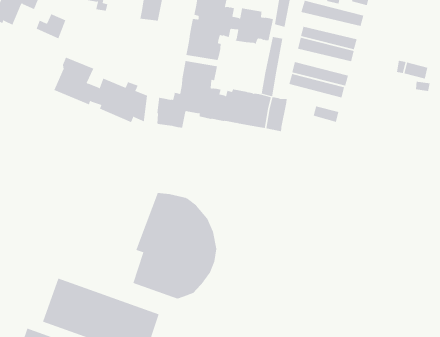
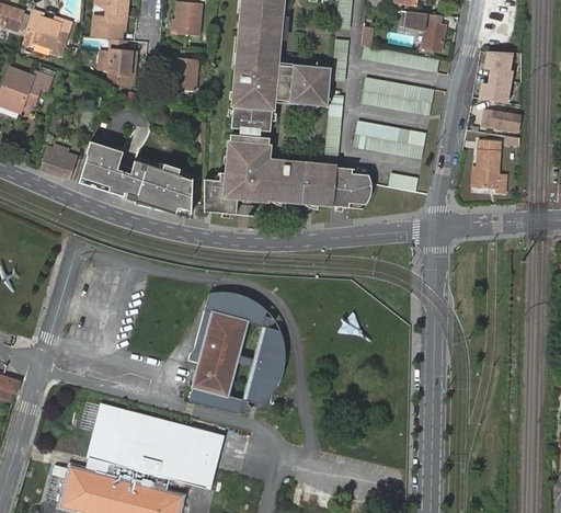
building: none -> [479,49,511,102]
building: [36,13,66,39] -> [41,148,76,178]
building: none -> [476,142,507,193]
building: none -> [352,172,376,204]

